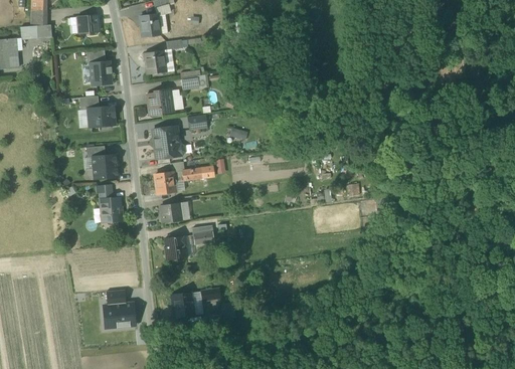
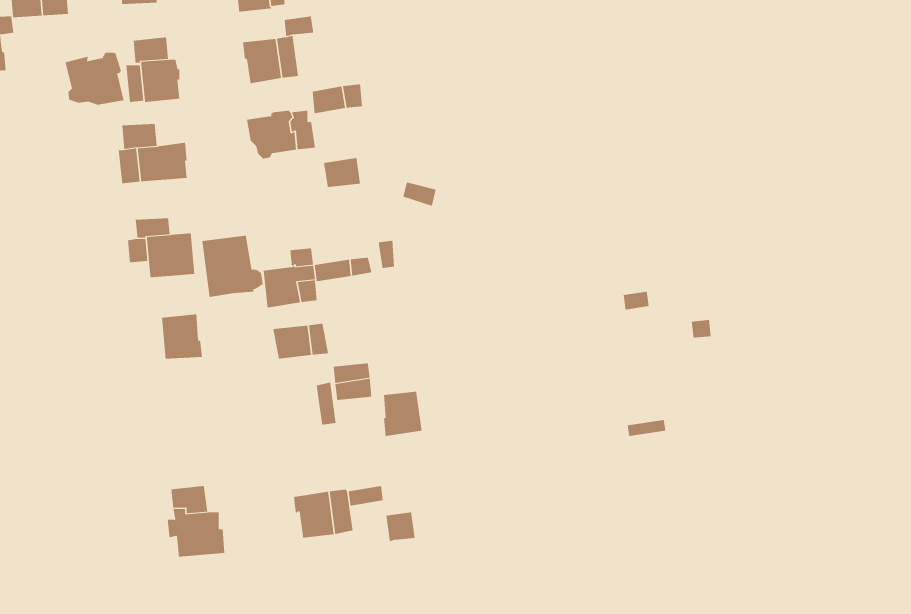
building: none -> [65,52,124,106]
building: [152,126,185,159] -> [201,235,264,297]
building: [165,235,186,259] -> [383,391,423,436]

